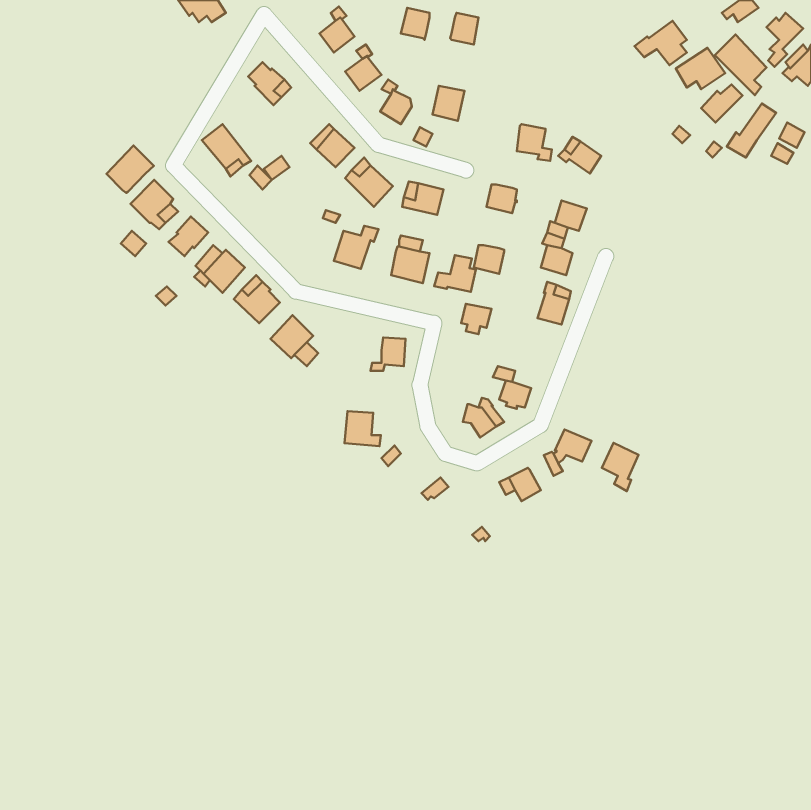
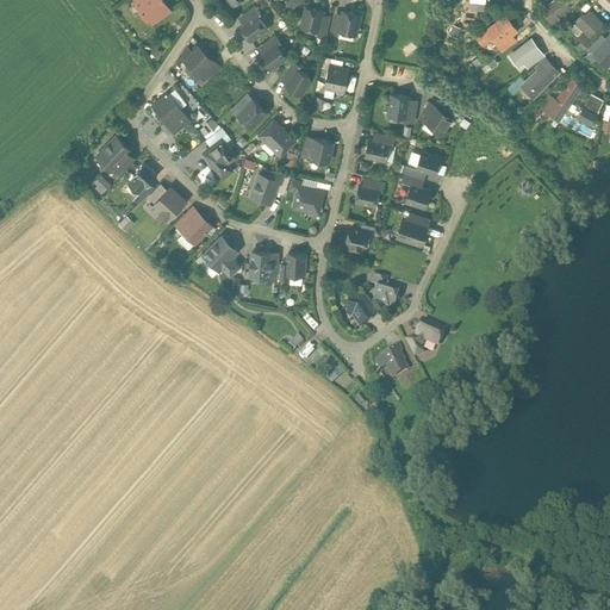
building: [715,34,766,95] -> none
building: [107,145,154,193] -> none
building: none -> [203,141,235,173]
building: [434,255,476,292] -> none
building: [344,411,381,446] -> [249,253,276,279]
building: [602,443,638,491] -> none

